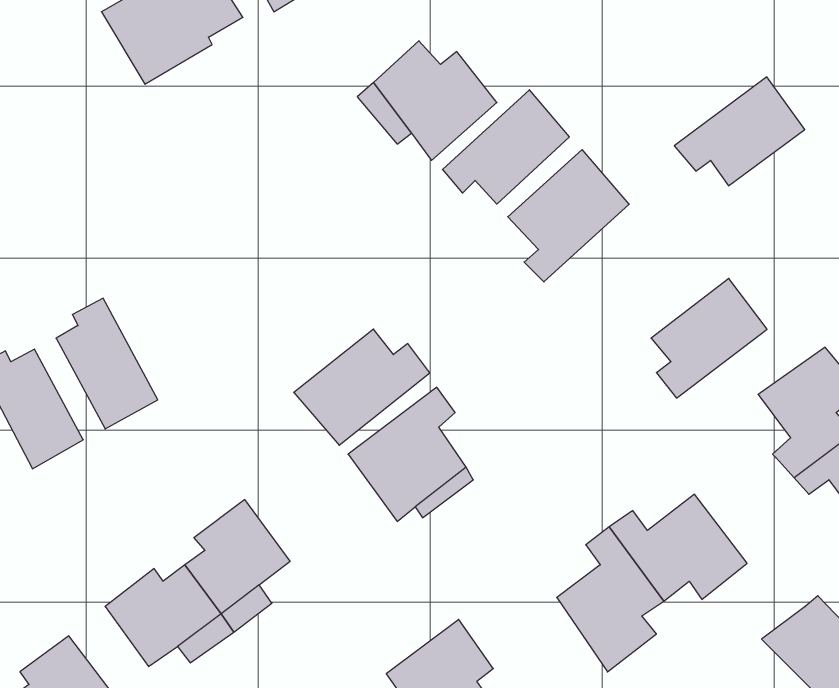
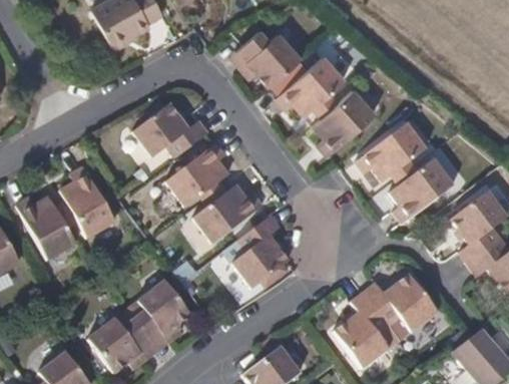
building: [674,77,805,186] -> [355,120,427,180]
building: none -> [130,102,211,164]
building: none -> [161,142,226,208]

